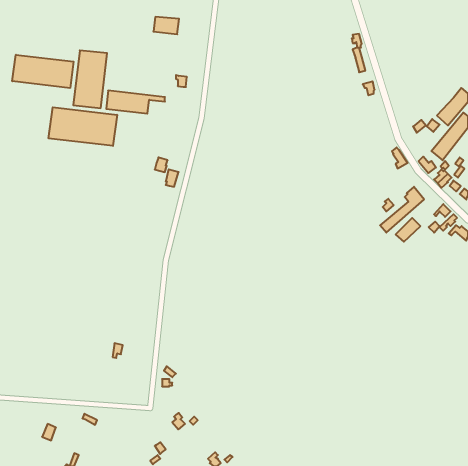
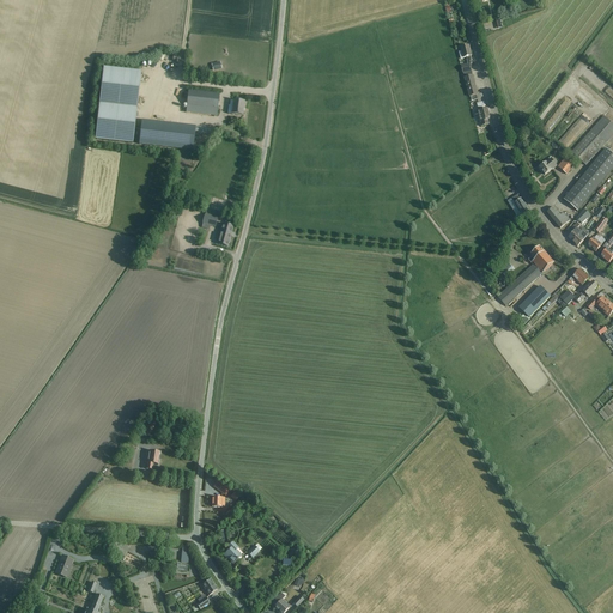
building: [153,17,179,34] -> [186,91,219,114]
building: [12,55,74,88] -> none
building: [49,107,117,146] -> none

